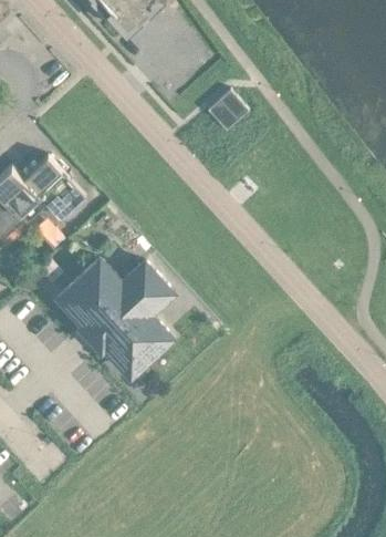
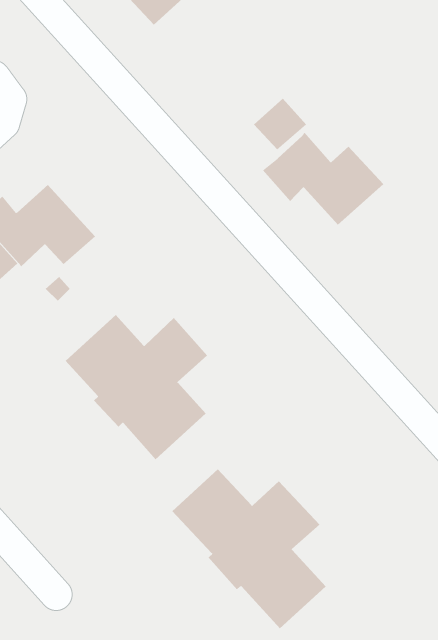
building: none -> [262,132,384,226]
building: none -> [171,468,326,629]

